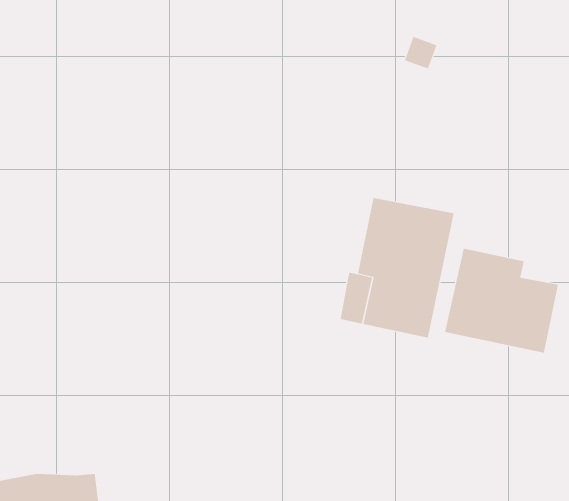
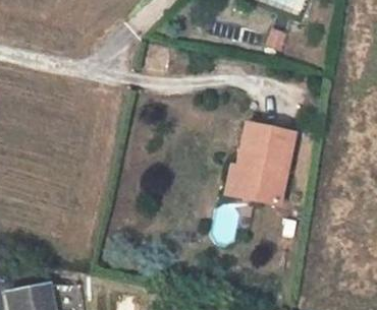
building: [445,248,559,353] -> none

